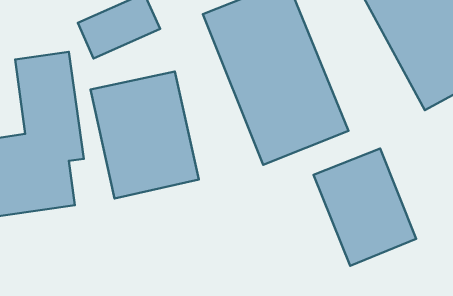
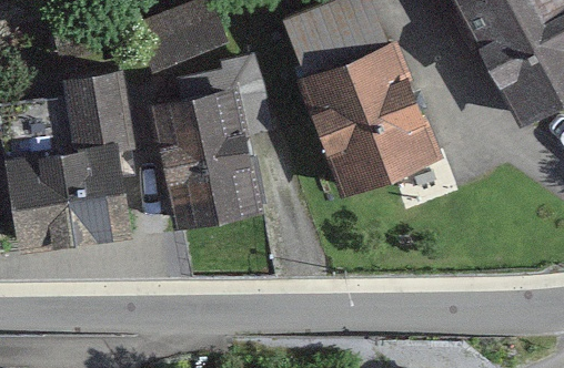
building: [314,149,416,266] -> none

